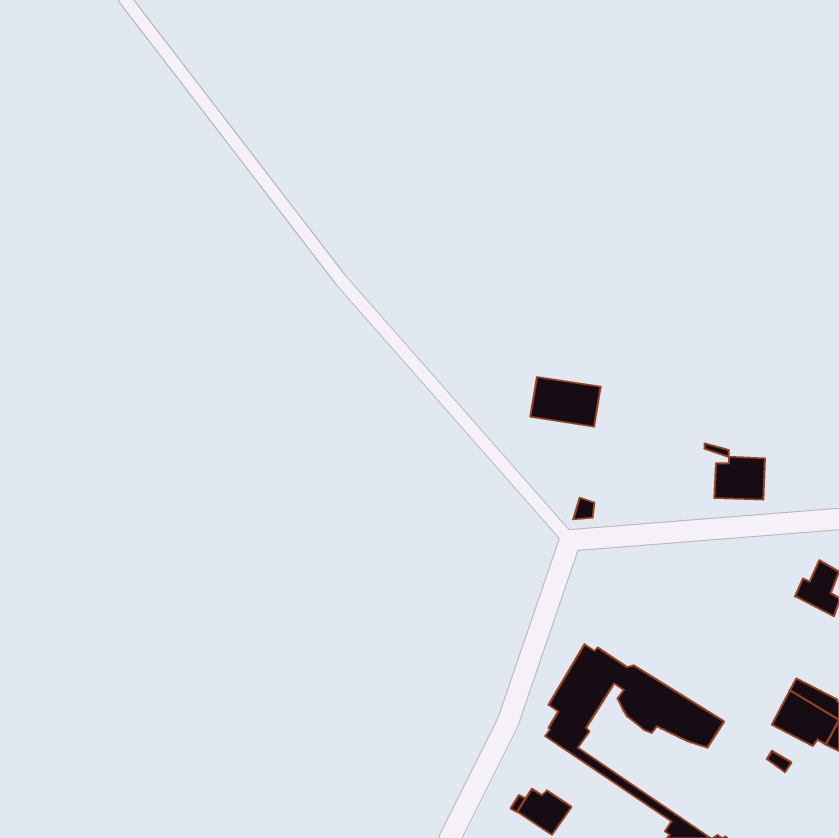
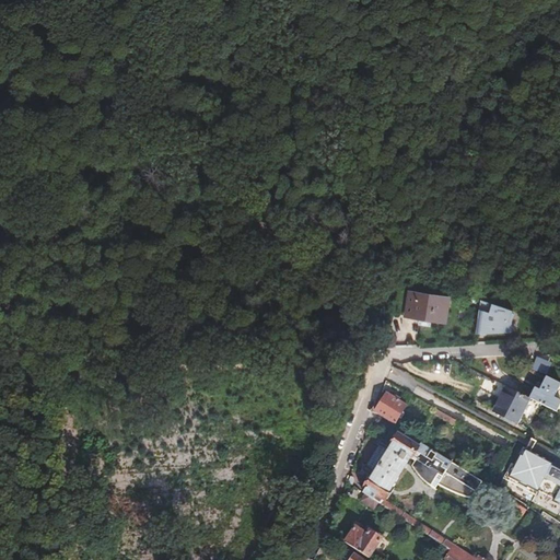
building: [530,377,601,426] -> [404,290,451,323]
building: none -> [493,385,530,421]
building: none -> [375,390,407,422]

